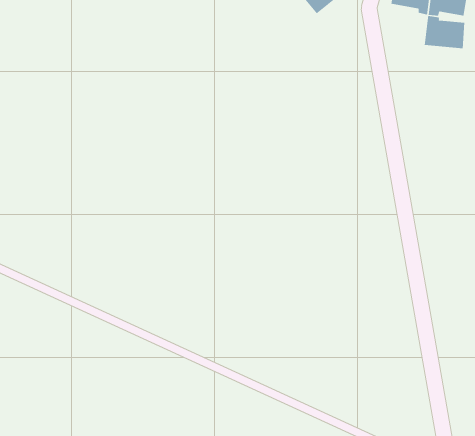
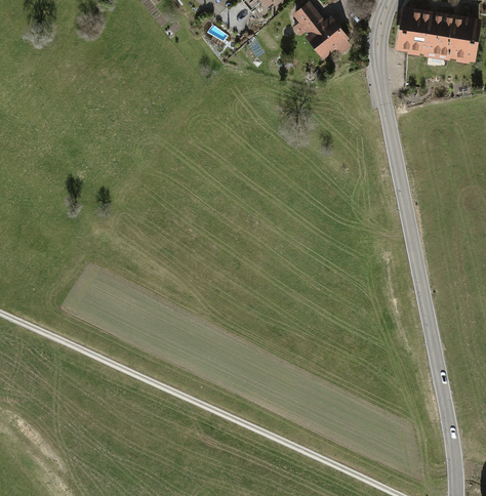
building: [424,15,465,49] -> none

